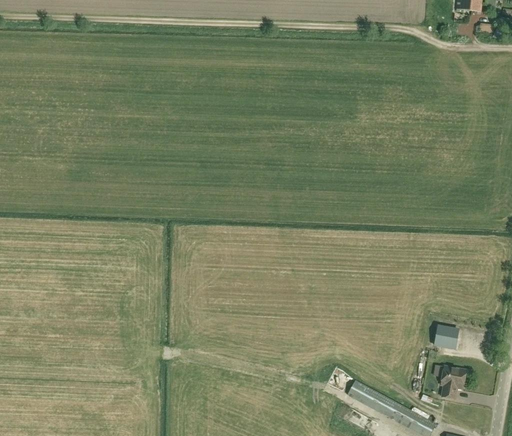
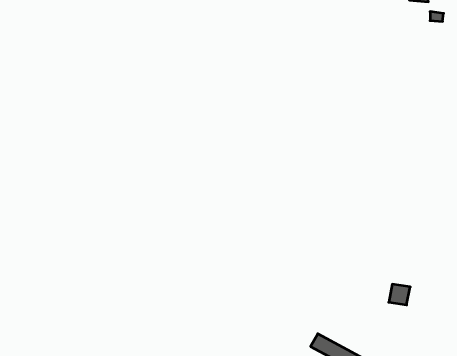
building: [440,364,466,399] -> none

